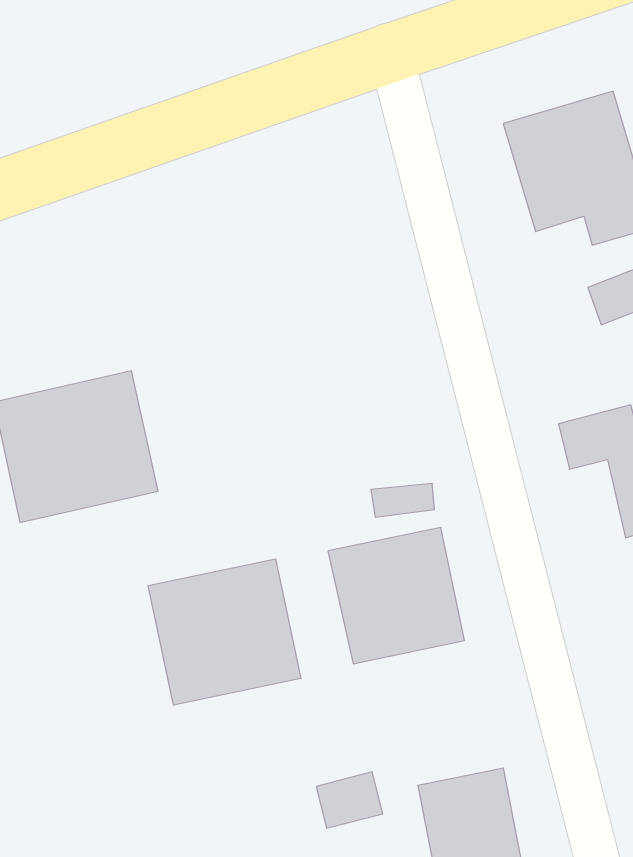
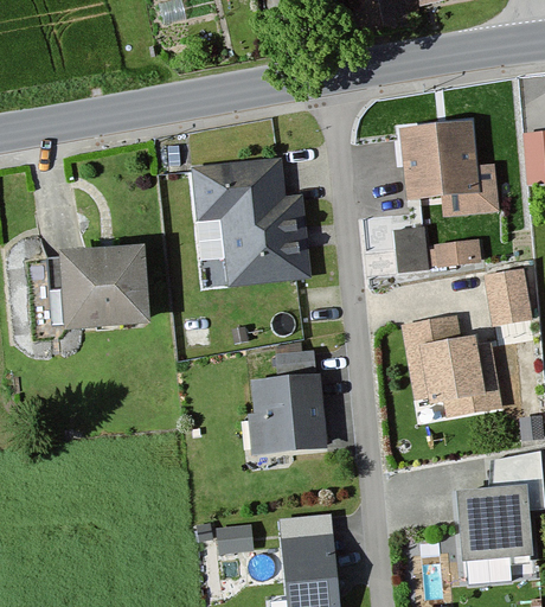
building: none -> [190,155,314,286]
building: none -> [392,226,428,270]
building: [148,559,301,705] -> none

